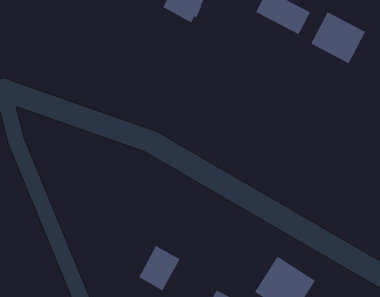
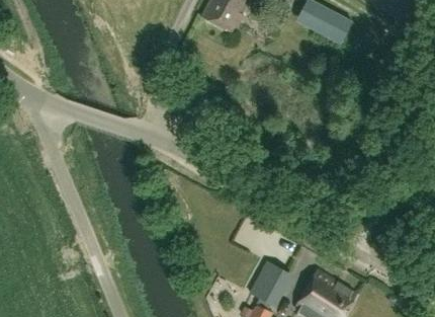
building: [310,11,366,64] -> none
building: [139,245,180,291] -> [250,260,292,307]

